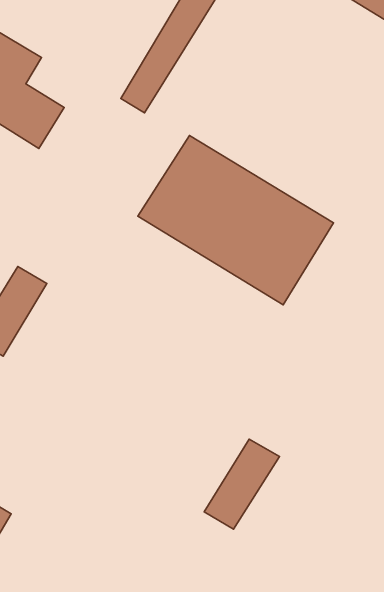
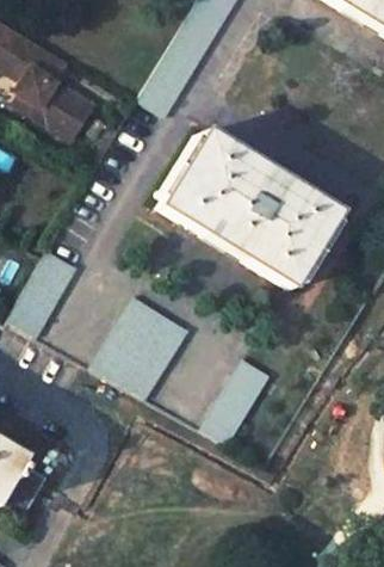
building: none -> [93,298,185,393]
building: [204,439,280,529] -> [202,359,270,440]

